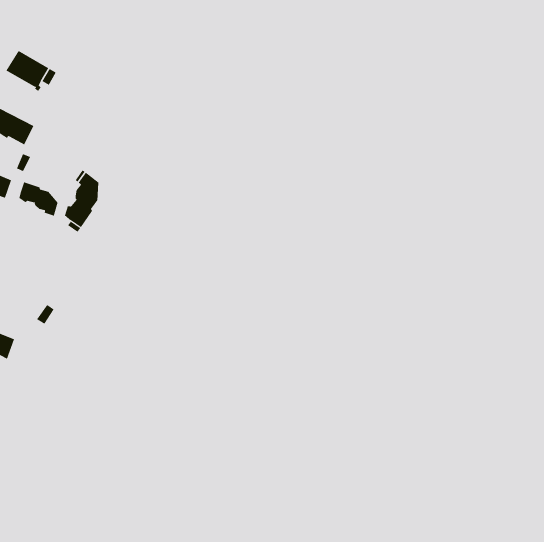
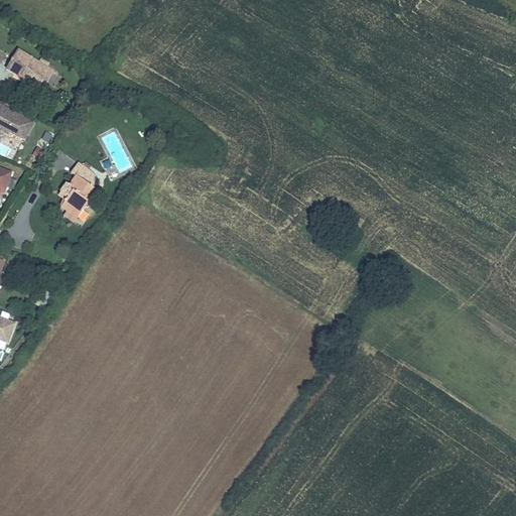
building: [19,181,58,217] -> none

